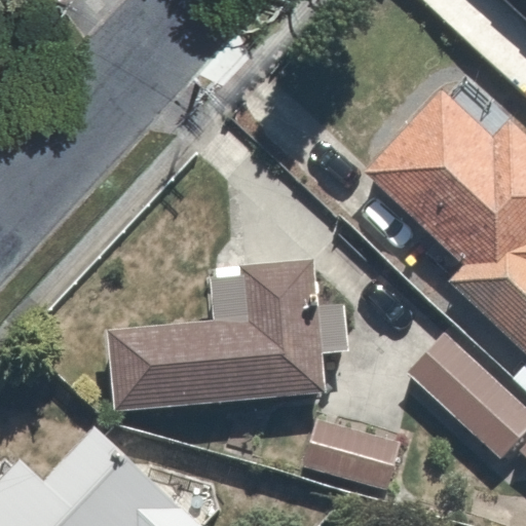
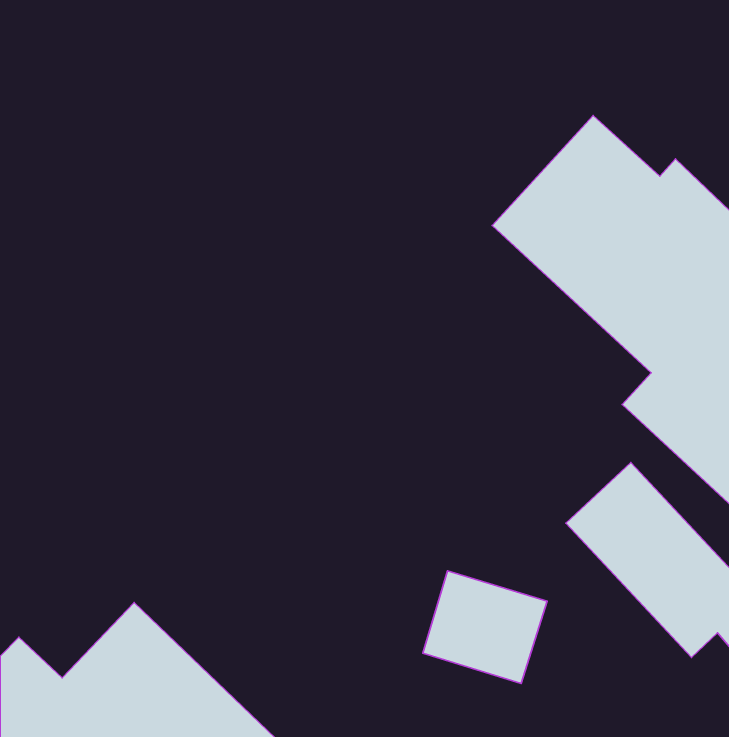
building: [115,266,339,406] -> none

